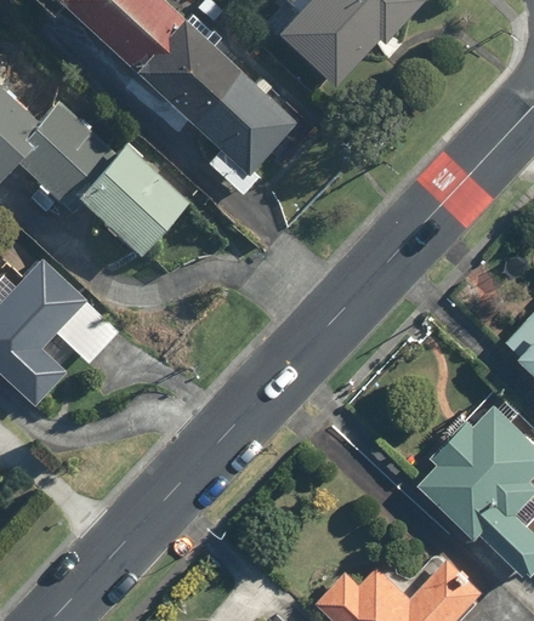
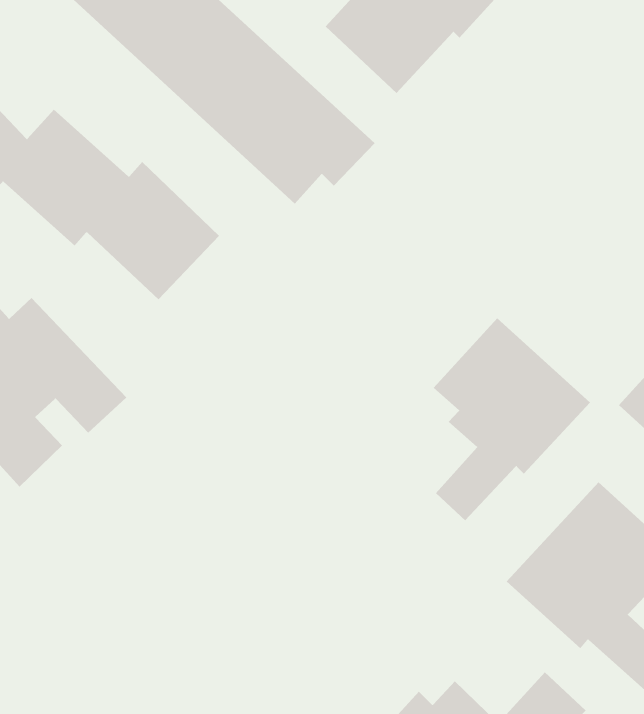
building: none -> [433,318,591,521]

